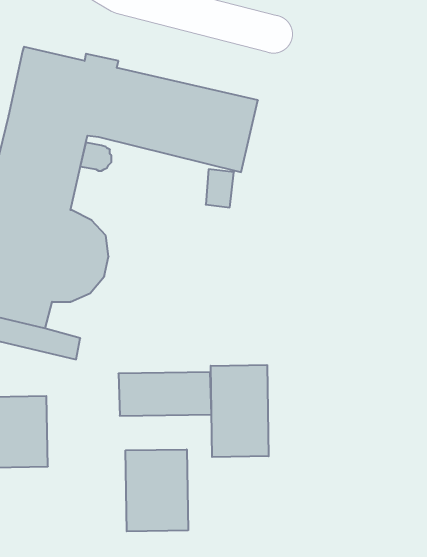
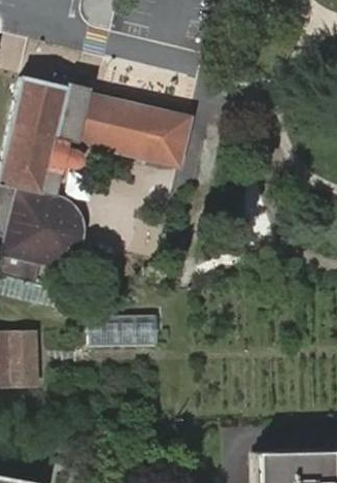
building: [211,365,269,457] -> none
building: [126,449,188,531] -> none

